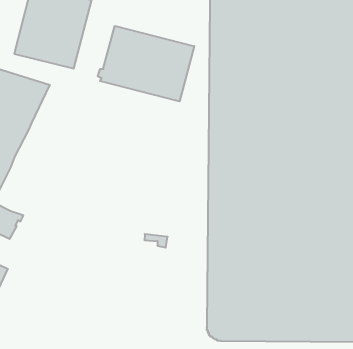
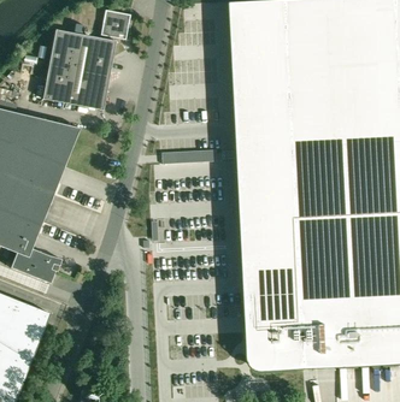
building: [98,26,194,101] -> none

